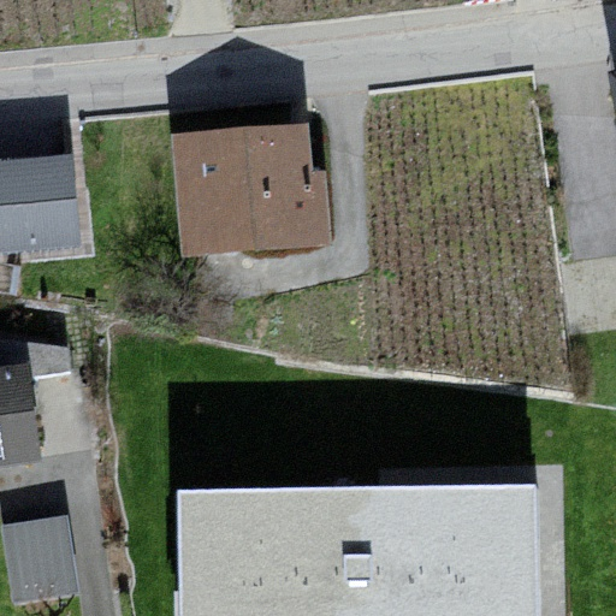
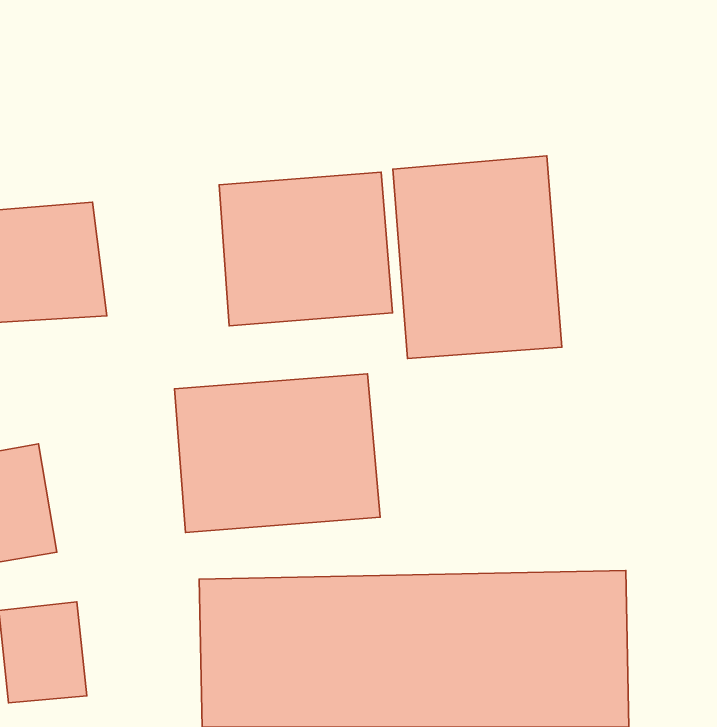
building: none -> [393,156,562,359]
building: none -> [175,374,380,533]

